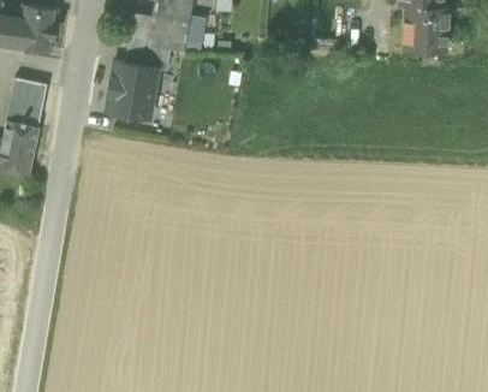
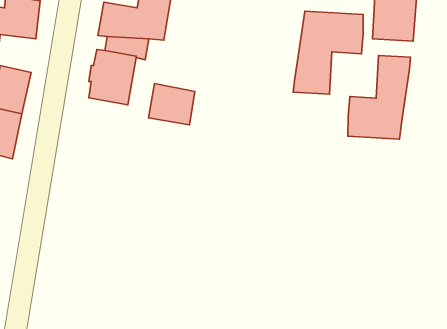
building: none -> [293,11,363,94]
building: none -> [348,56,410,139]
building: none -> [149,83,195,125]

